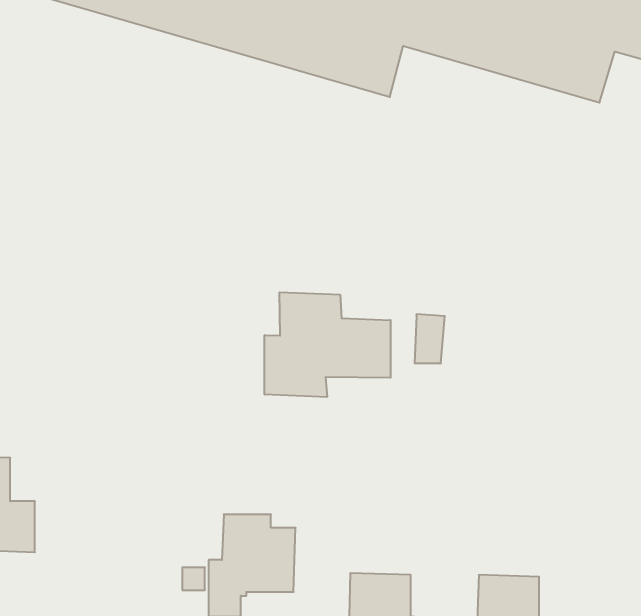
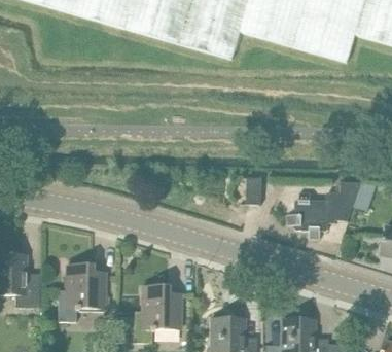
building: [265,292,391,397] -> none
building: none -> [286,180,360,238]
building: none -> [58,265,105,321]

